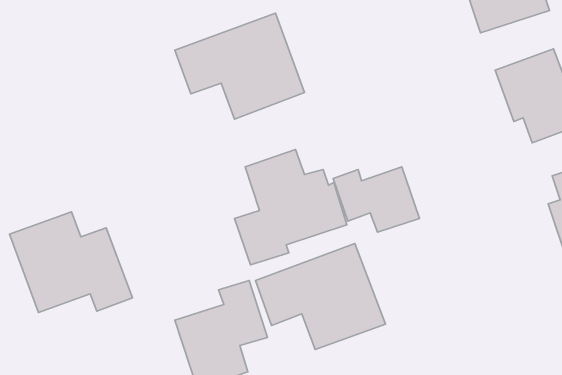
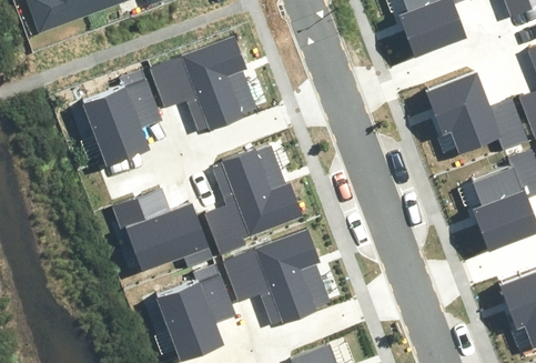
building: none -> [88,71,165,162]
building: [333,167,419,232] -> none
building: [9,212,132,312] -> [111,183,214,268]

